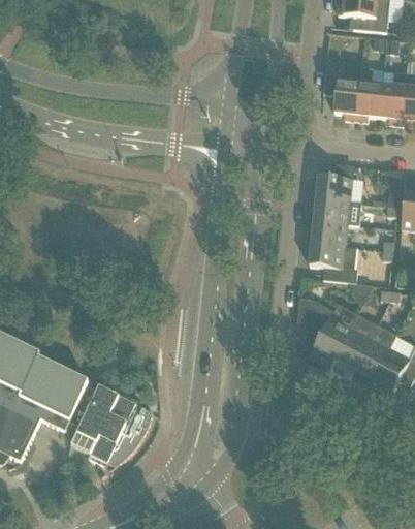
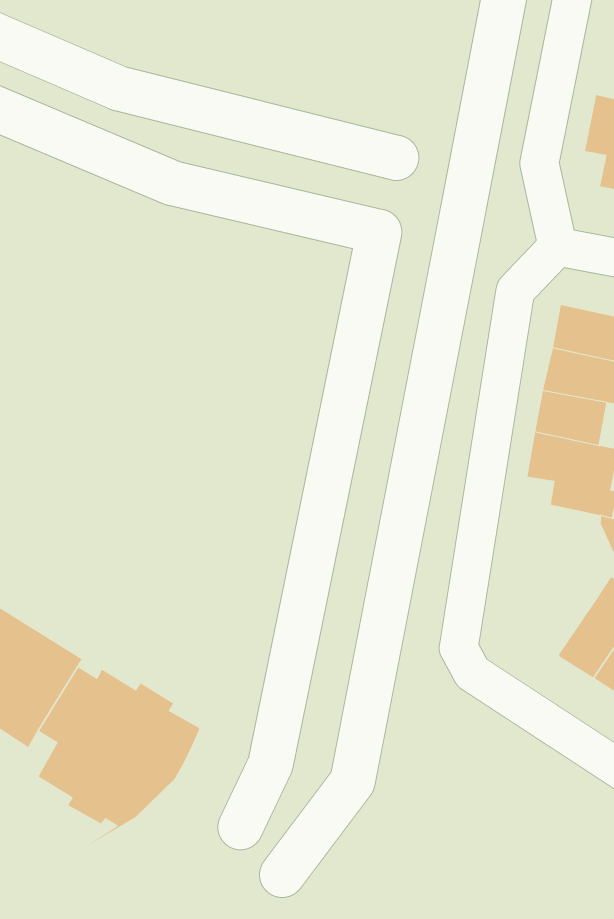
building: [297,297,351,366] -> none

